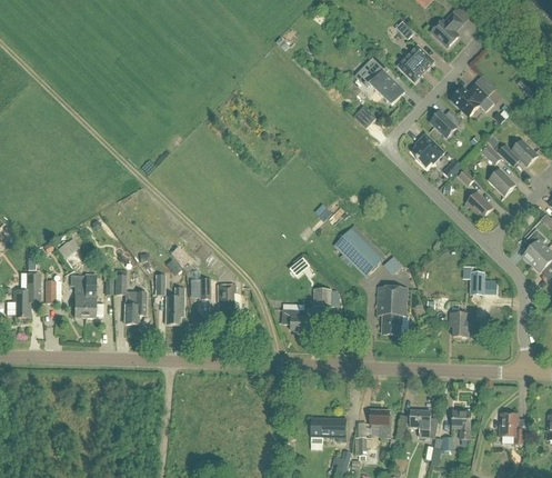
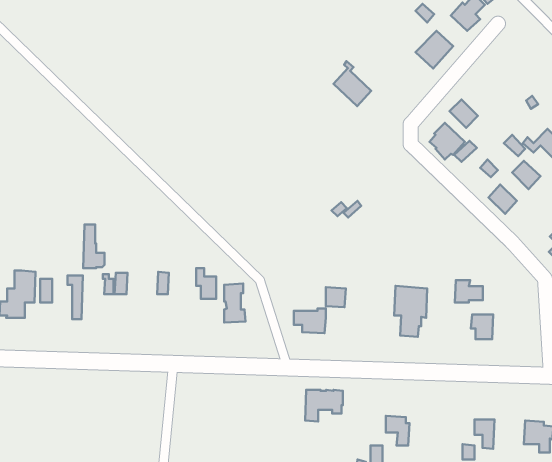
building: [368,62,403,104] -> [334,61,371,106]
building: [450,83,493,114] -> none
building: [333,223,385,276] -> none
building: [470,272,496,293] -> [455,280,483,303]
building: [82,276,102,317] -> [83,225,104,268]
building: [164,286,184,323] -> none
building: [123,291,143,323] -> none
building: [410,410,438,437] -> none
building: [311,416,347,446] -> [305,390,343,422]

